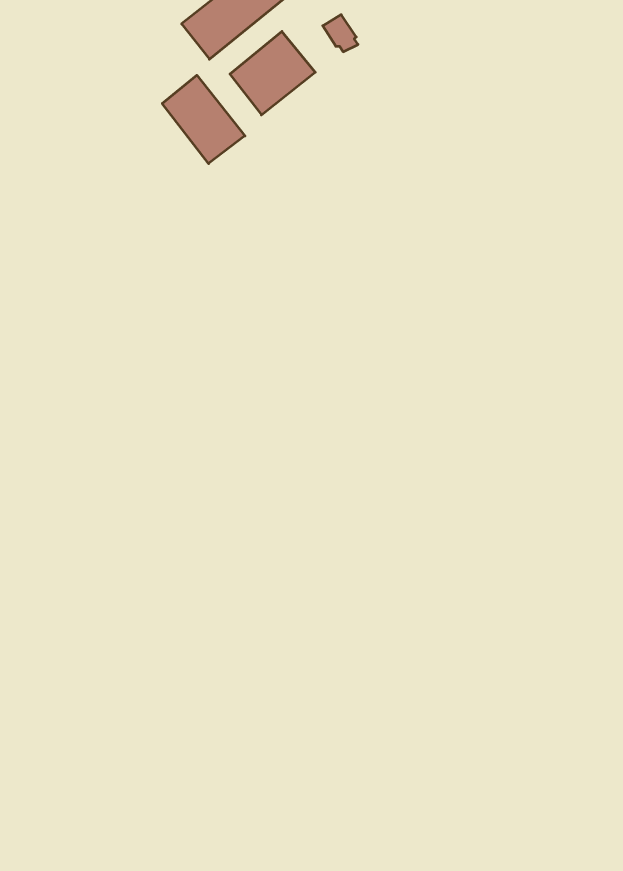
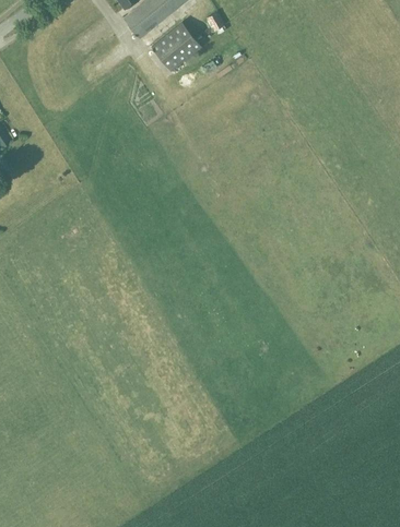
building: [162,75,245,164] -> none

